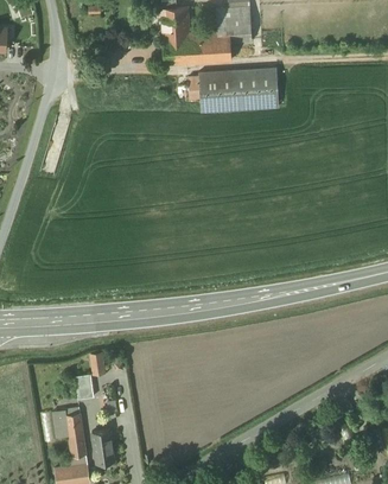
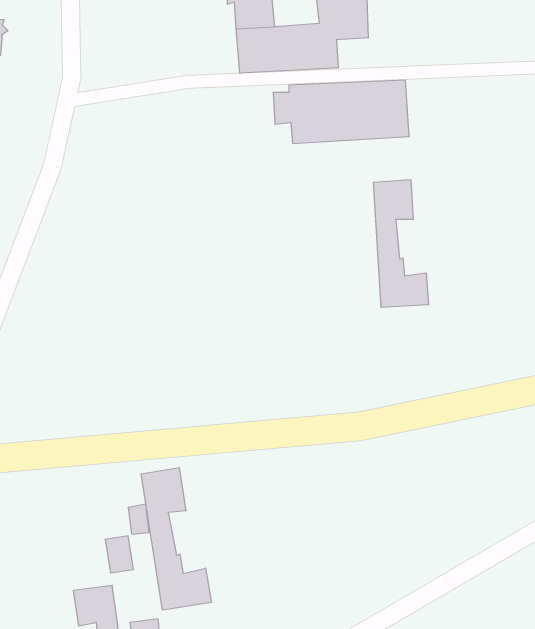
building: none -> [374,180,429,308]
building: none -> [141,468,211,610]

